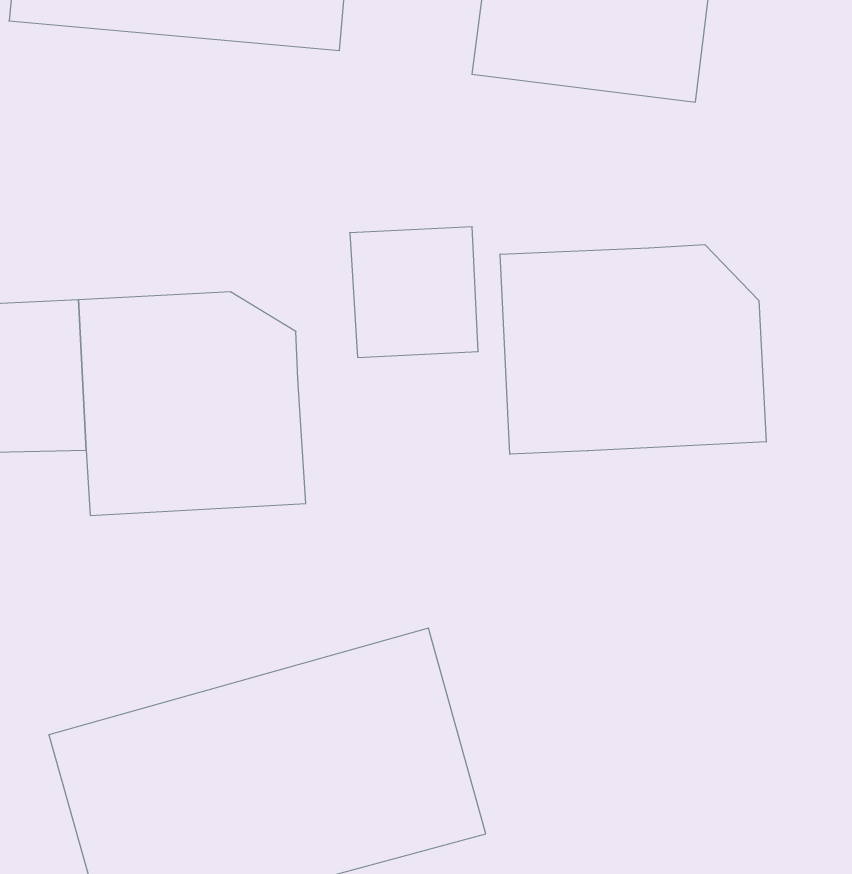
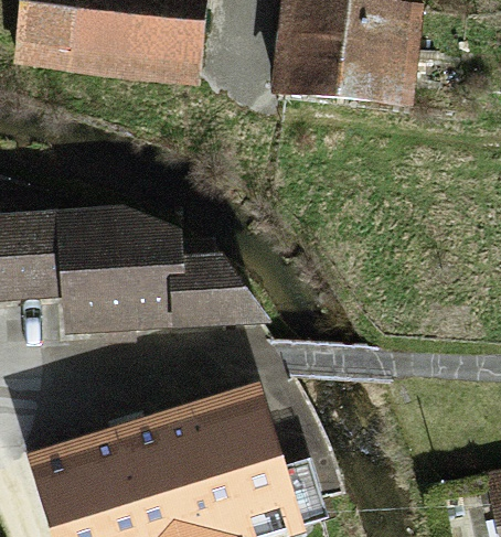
building: [350,227,478,357] -> [174,256,246,329]
building: [500,245,766,454] -> none

